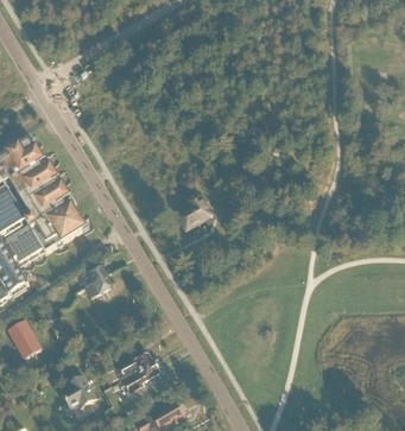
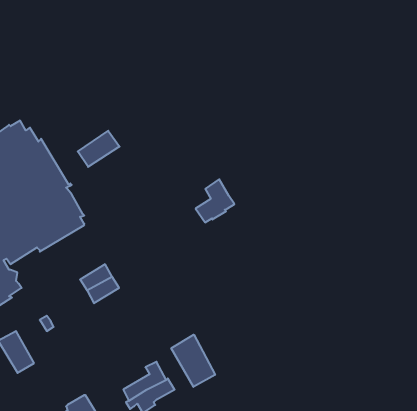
building: none -> [78,131,120,167]
building: none -> [171,335,215,387]

